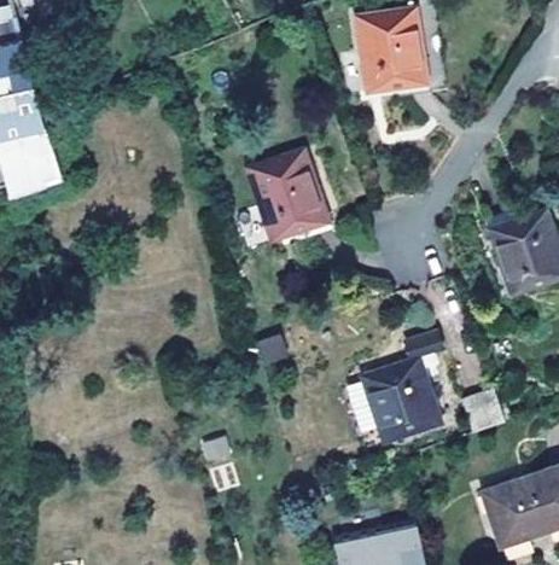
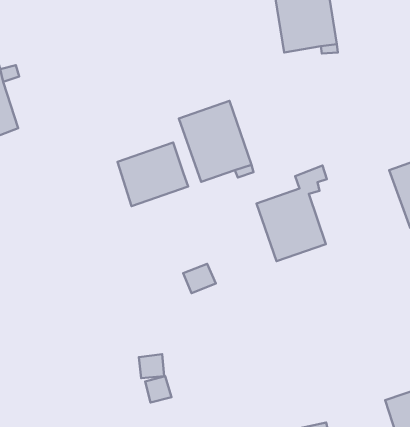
building: none -> [117,143,188,206]
building: [361,332,442,442] -> [256,166,327,261]
building: [461,389,505,431] -> none

